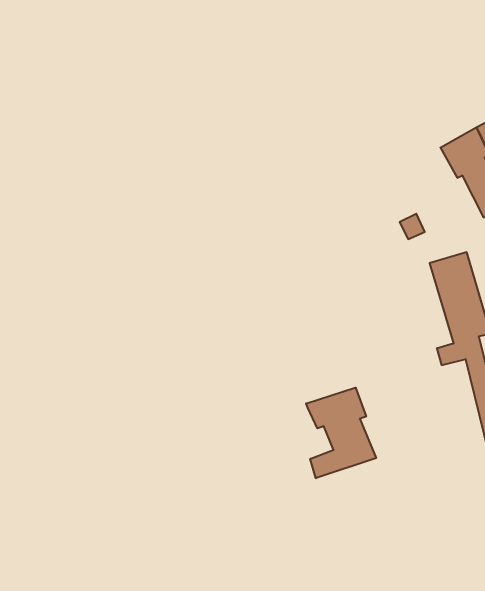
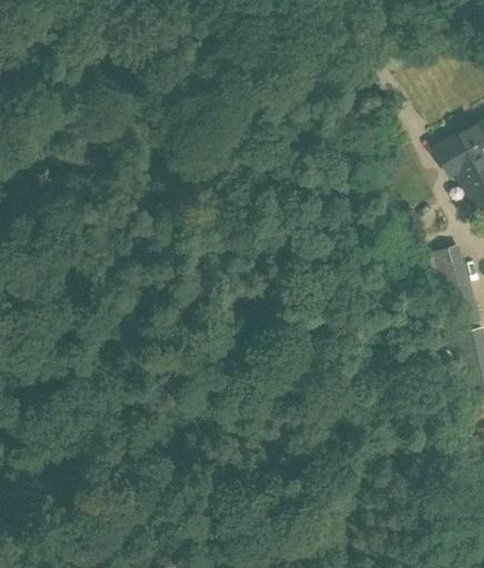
building: [306,388,376,478] -> none

